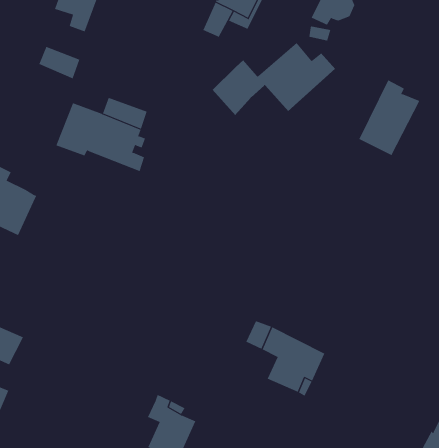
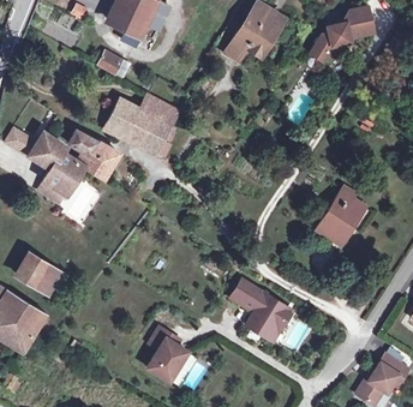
building: [212,42,336,116] -> none
building: [359,79,420,156] -> [317,186,367,245]
building: none -> [68,130,120,179]

